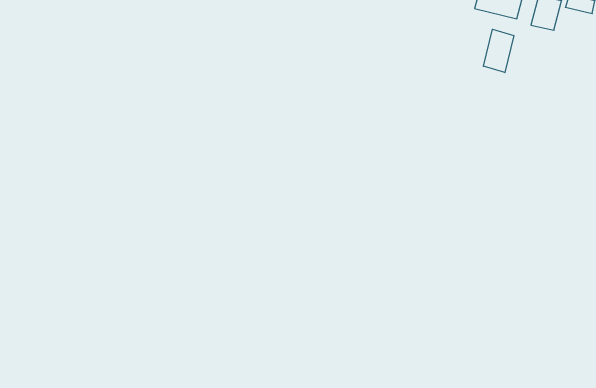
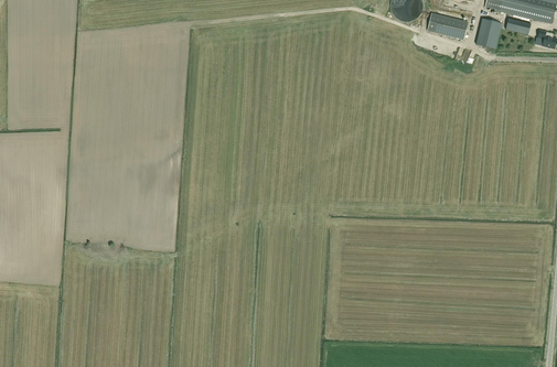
building: [483,29,514,73] -> none

